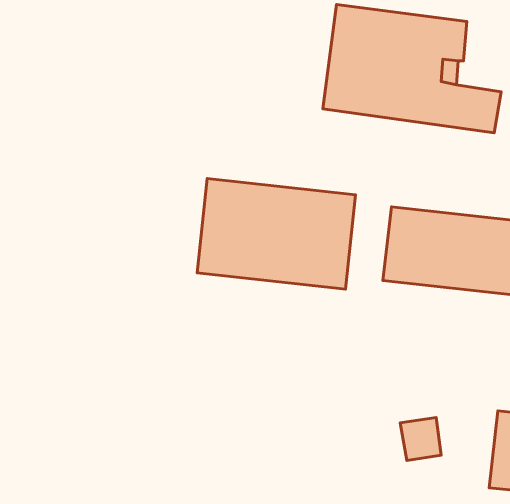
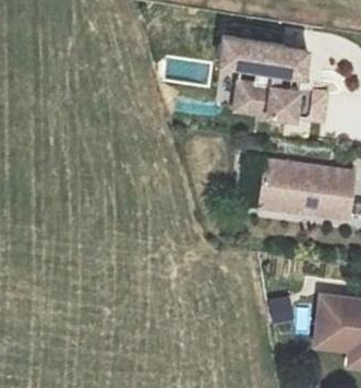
building: [197,178,356,289] -> none

